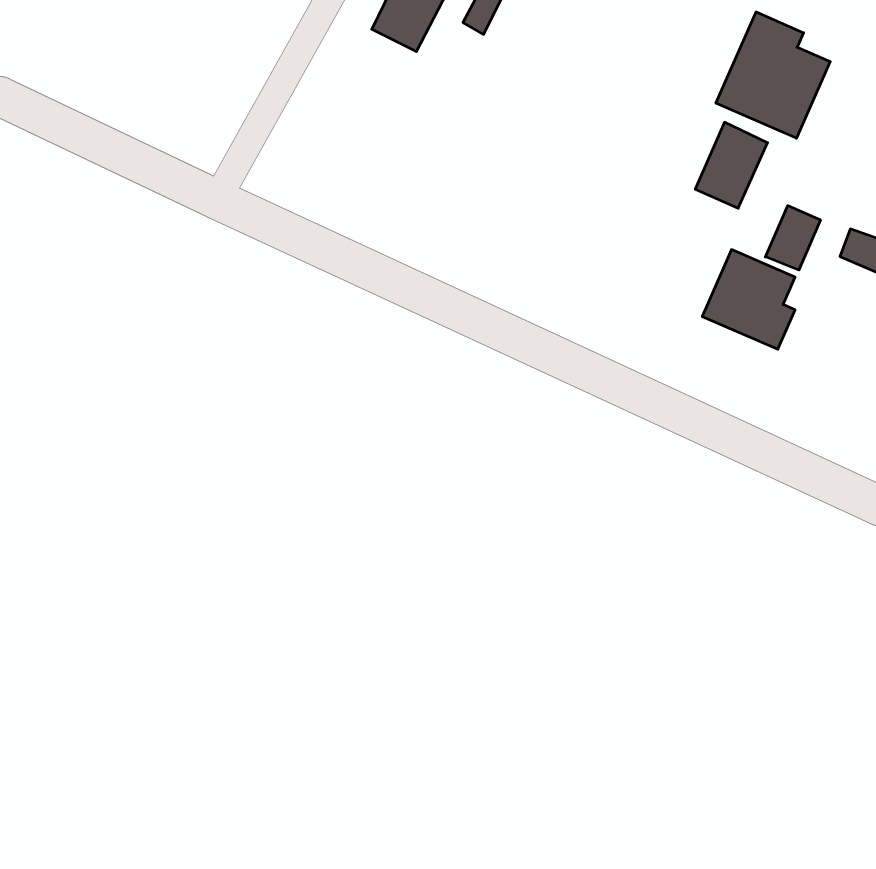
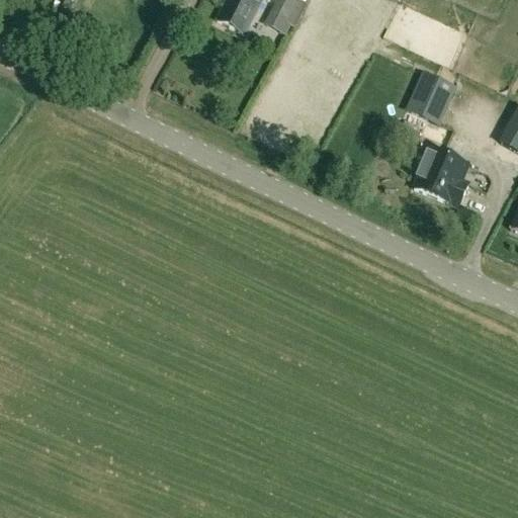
building: [716,12,830,138] -> none
building: [765,206,820,270] -> none

